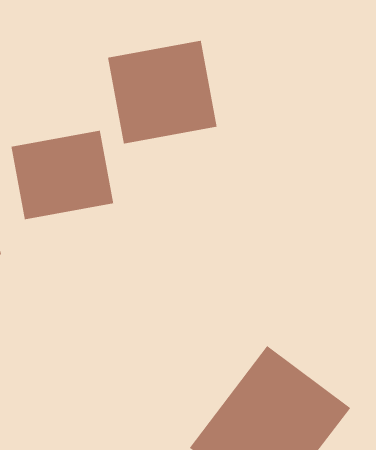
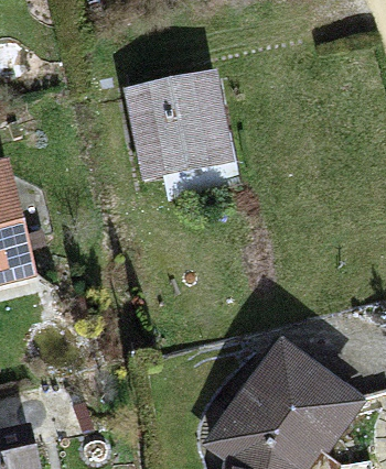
building: [11,130,114,220] -> none

